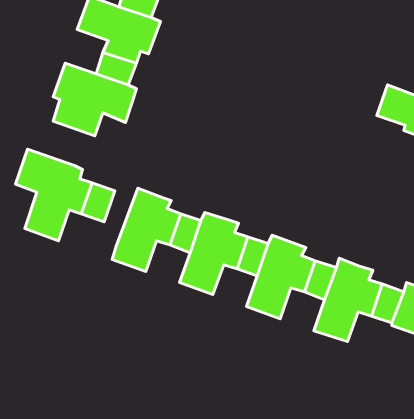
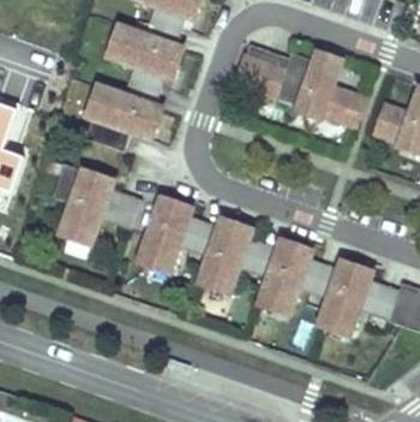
building: none -> [236,43,365,124]

